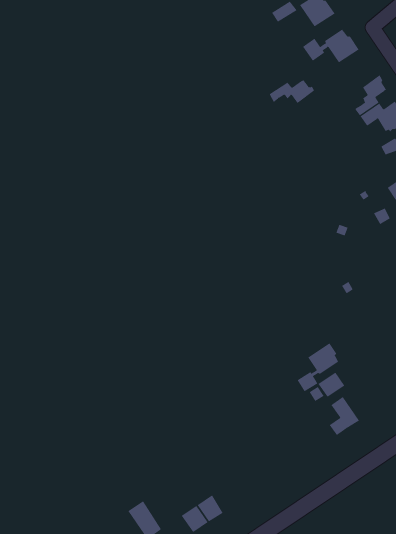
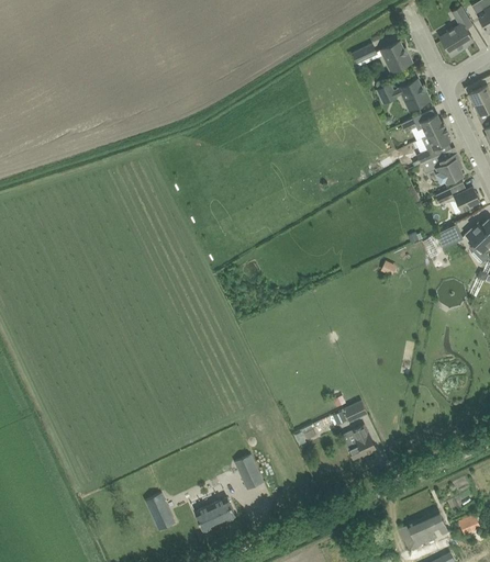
building: [269,79,315,104] -> [402,114,446,136]
building: [297,342,339,392] -> none
building: none -> [234,453,264,488]

